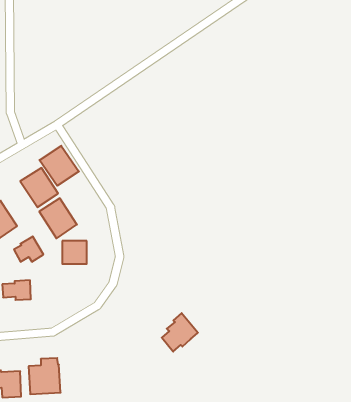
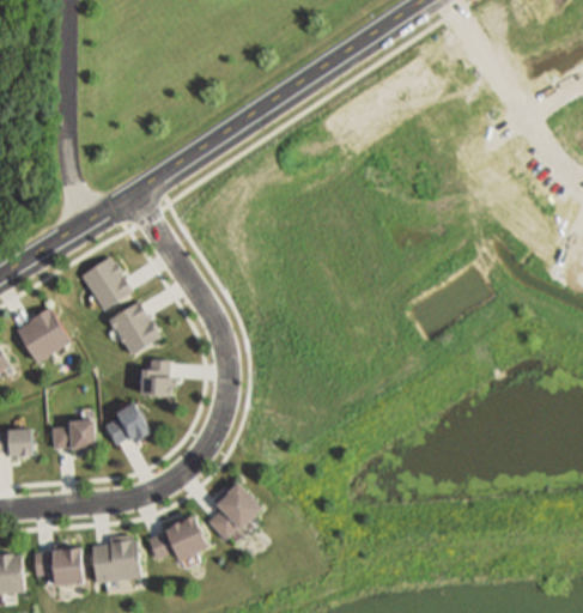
building: [39,146,79,186] -> none
building: [14,236,43,262] -> [107,402,150,439]
building: [162,313,198,352] -> [208,484,261,540]
building: none -> [147,514,207,556]

